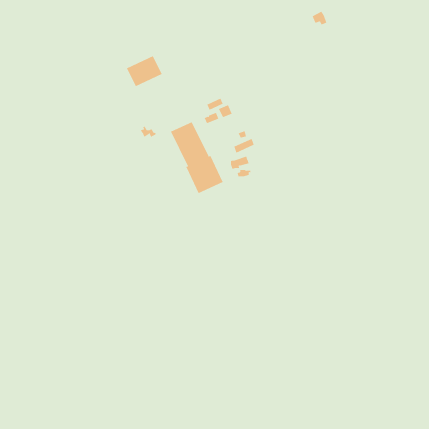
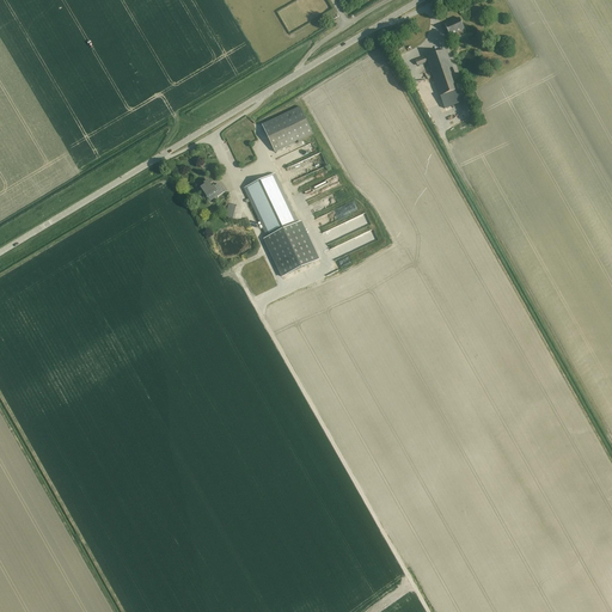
building: none -> [424,48,459,106]
building: [126,56,162,87] -> [259,105,311,149]

